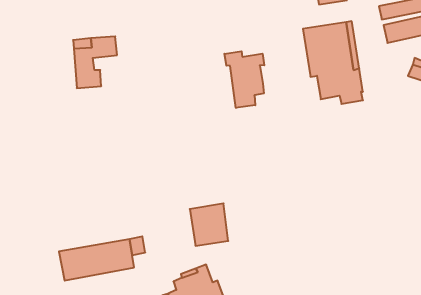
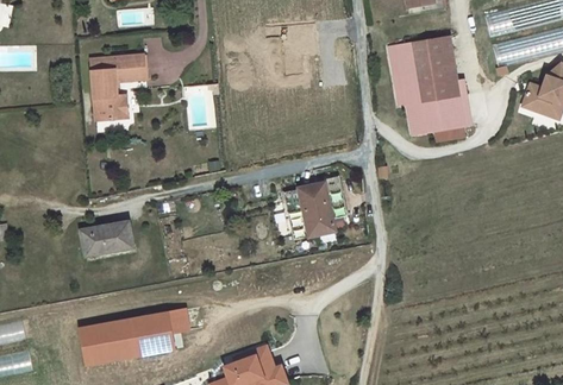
building: [224,51,264,108] -> none
building: none -> [76,222,129,253]
building: [190,203,228,246] -> [286,181,334,234]

